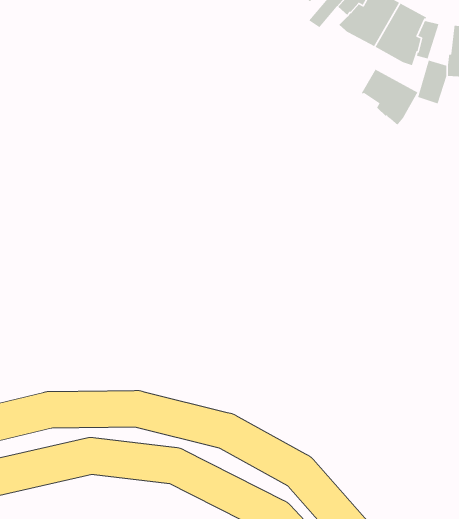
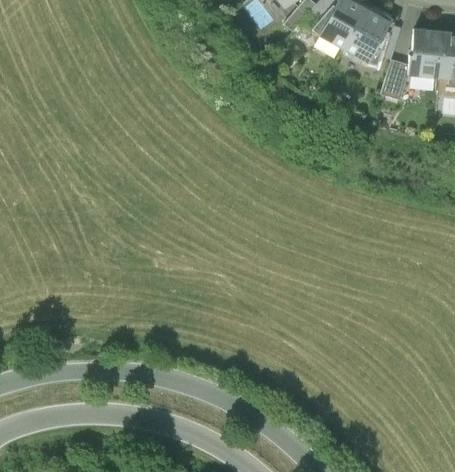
building: [361,69,419,126] -> none

